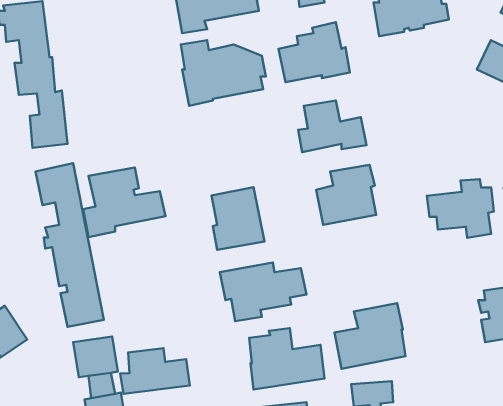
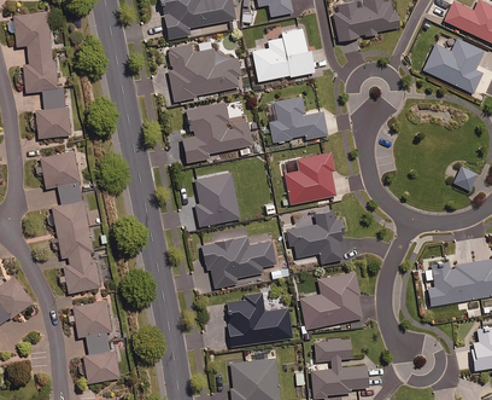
building: [83,167,165,237] -> [181,103,252,163]
building: [427,179,494,238] -> [287,213,345,263]
building: [120,348,190,394] -> none

